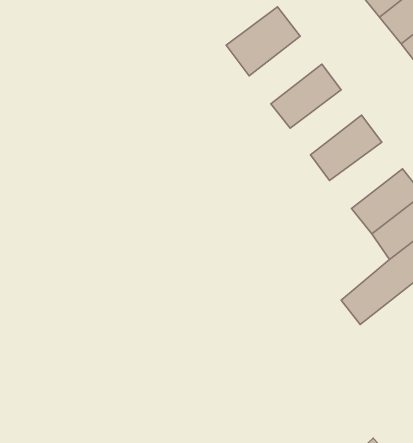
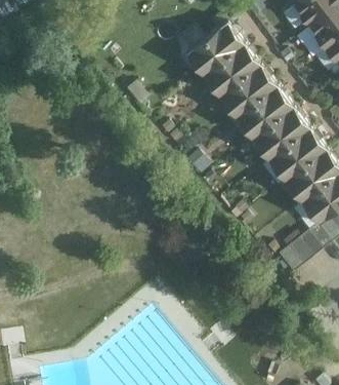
building: none -> [201,41,259,95]
building: none -> [234,84,291,137]
building: none -> [265,126,324,180]

